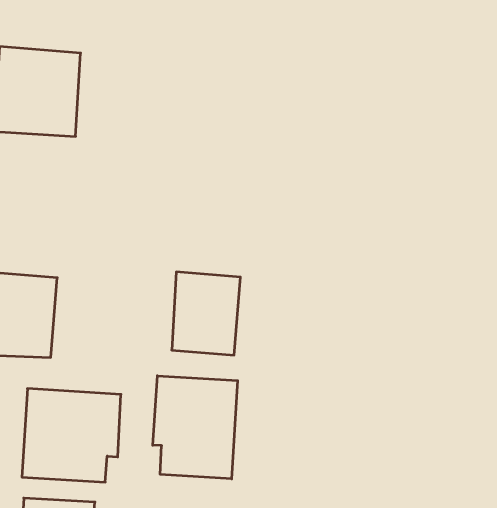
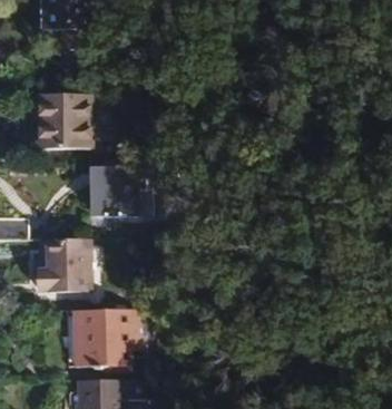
building: [172,272,240,355] -> [94,166,135,216]
building: [153,376,238,479] -> none

